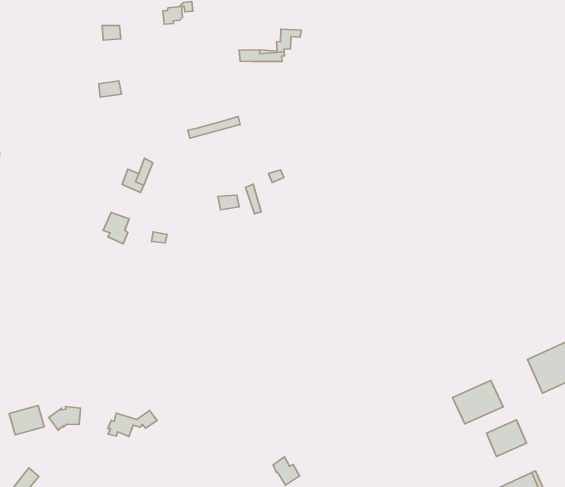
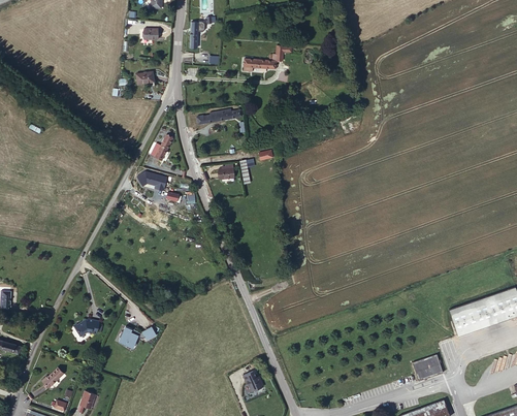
building: [453,380,503,424] -> none
building: [9,405,44,435] -> none

